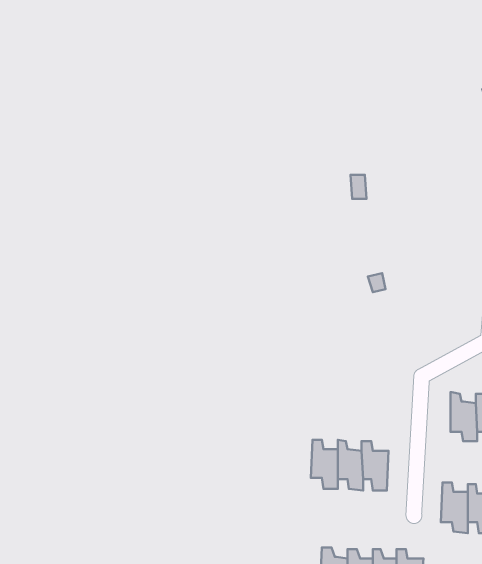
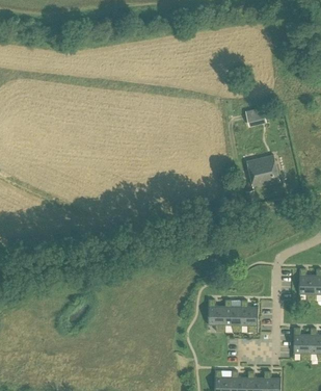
building: none -> [246,155,279,188]

